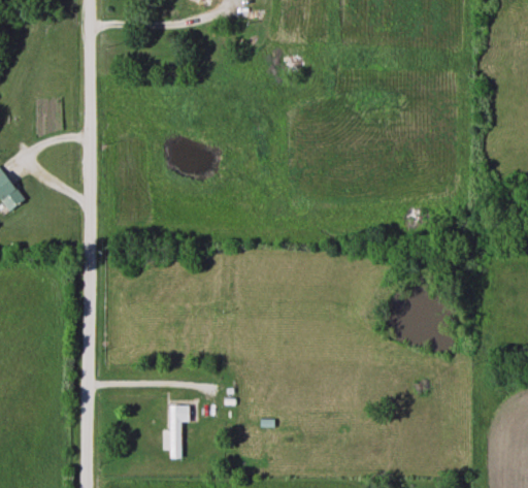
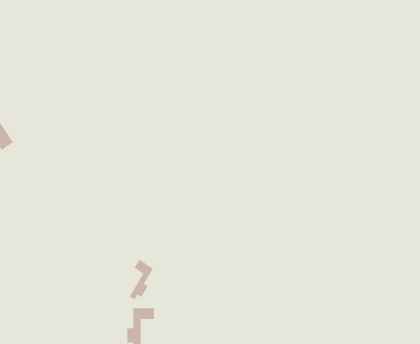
building: none -> [129,258,154,301]

